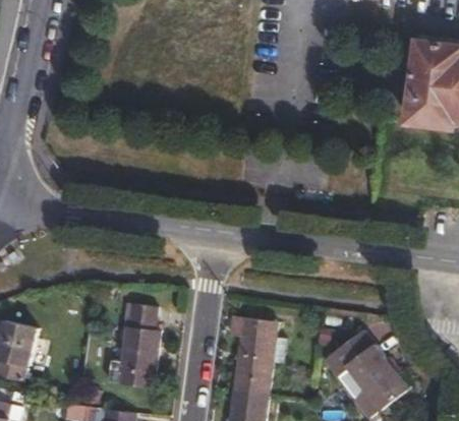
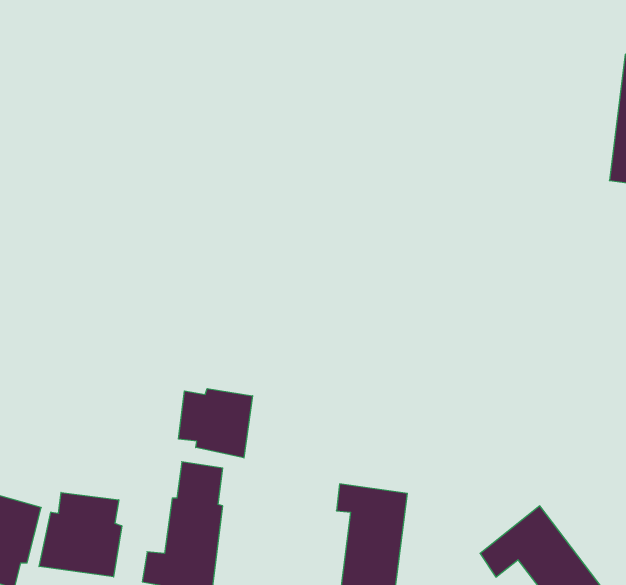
building: none -> [179,389,253,458]
building: none -> [39,492,122,577]

